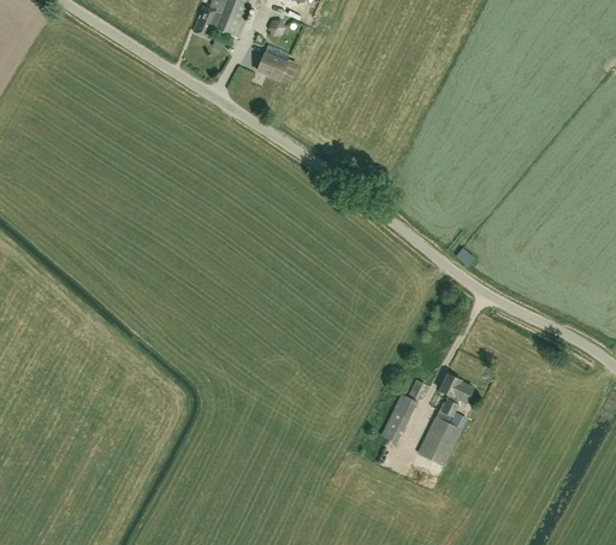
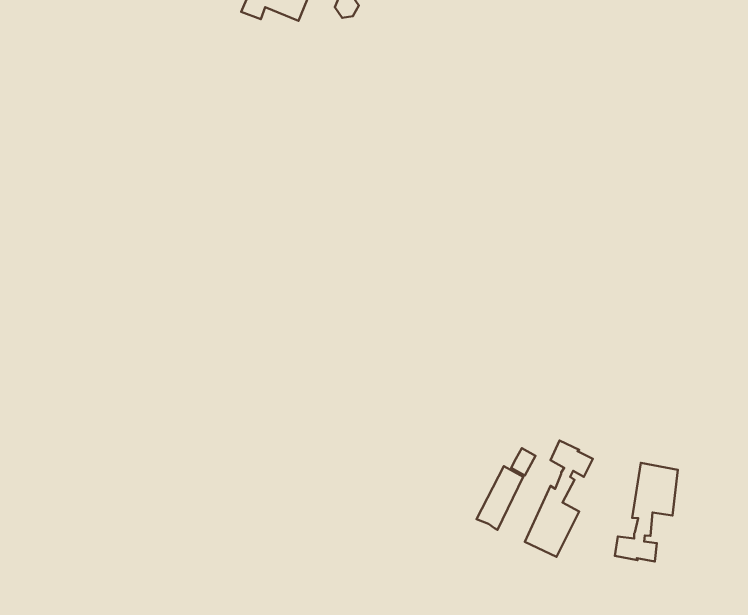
building: [257,52,297,79] -> none
building: none -> [615,463,678,561]

